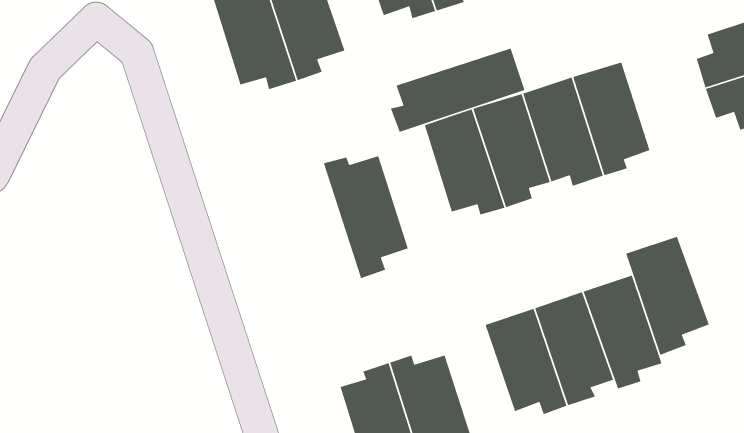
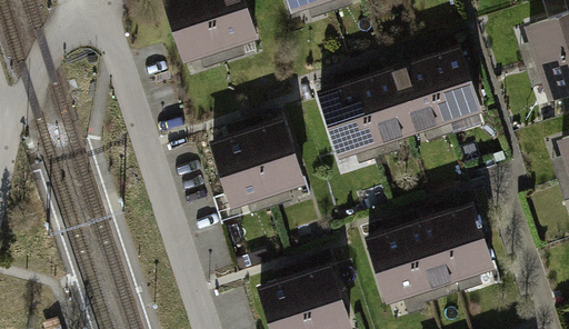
building: [390,48,525,133] -> none
building: none -> [208,121,272,213]
building: [625,236,710,356] -> none

